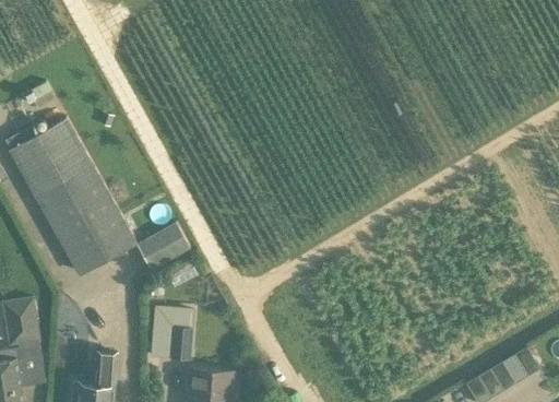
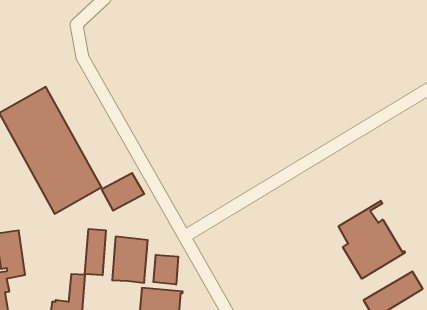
building: none -> [339,201,405,279]
building: none -> [85,229,106,275]
building: none -> [153,255,178,285]

